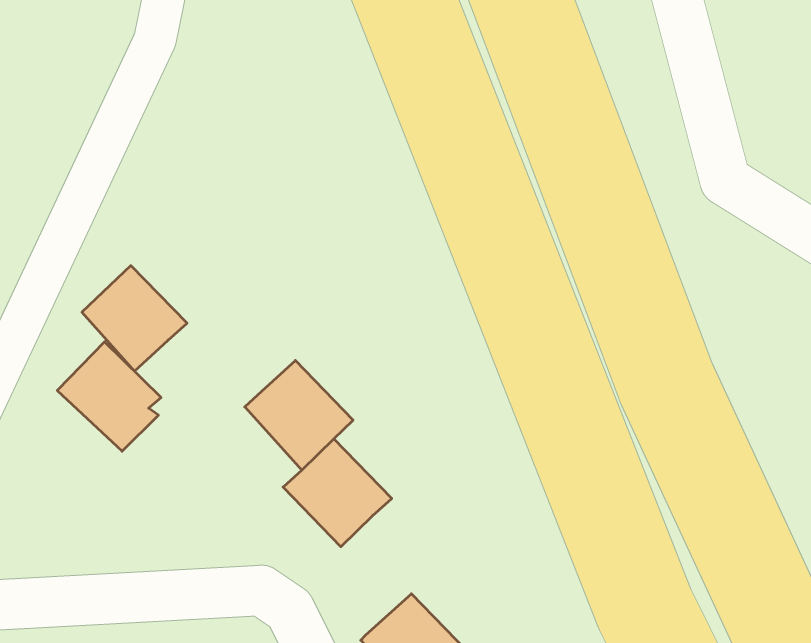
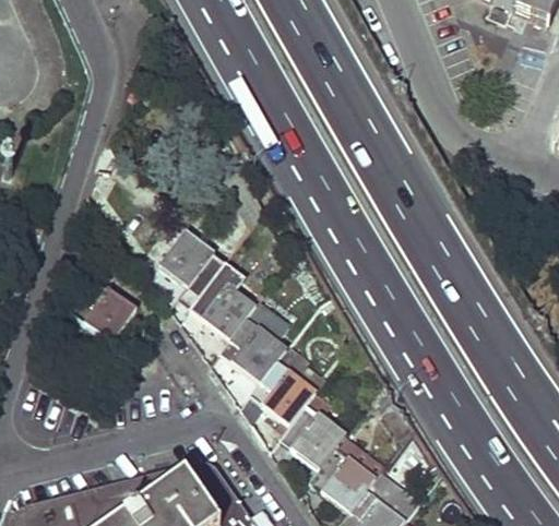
building: [82,266,187,371] -> [166,237,230,300]
building: none -> [255,364,322,438]

